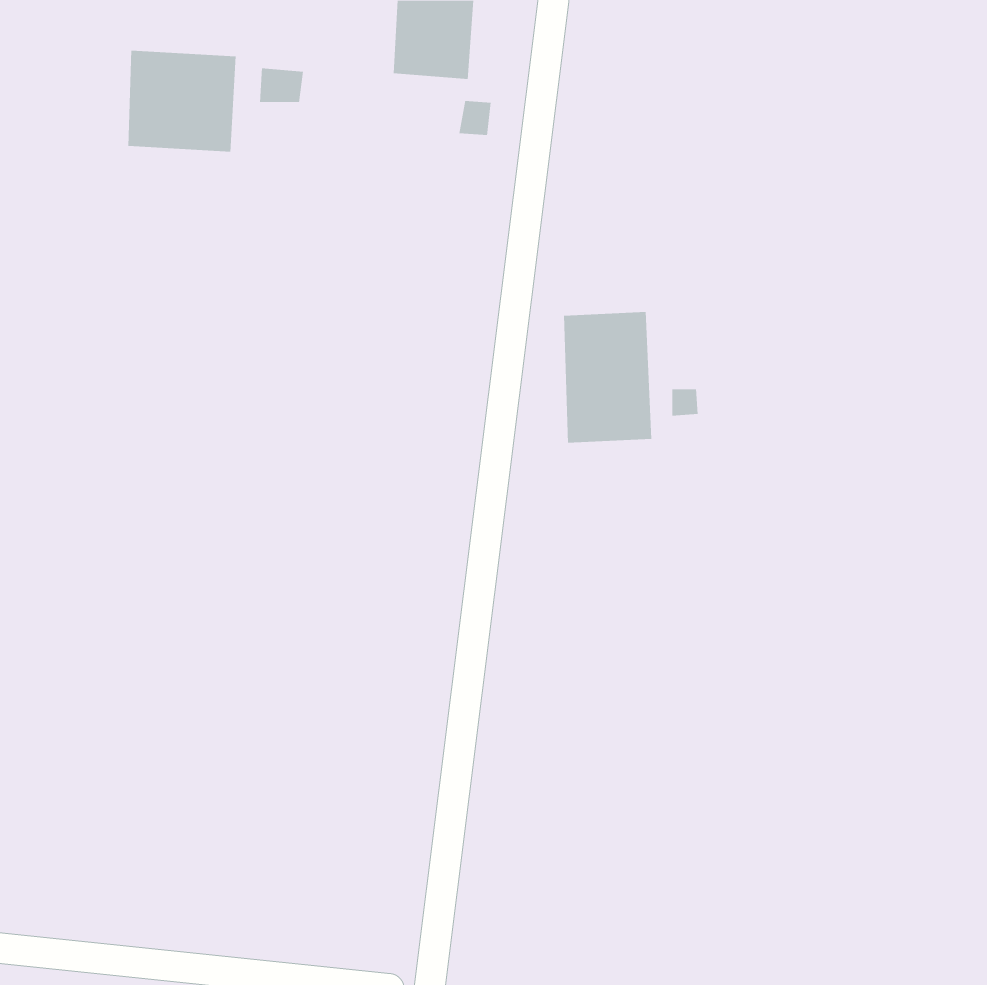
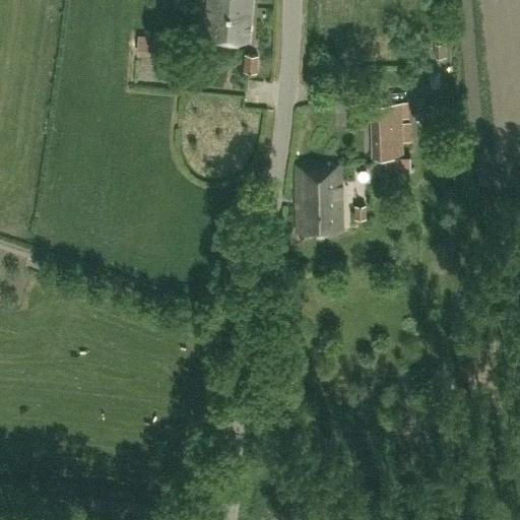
building: [128,50,236,152] -> none
building: none -> [370,103,411,158]

